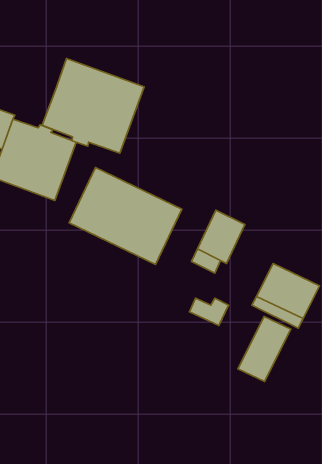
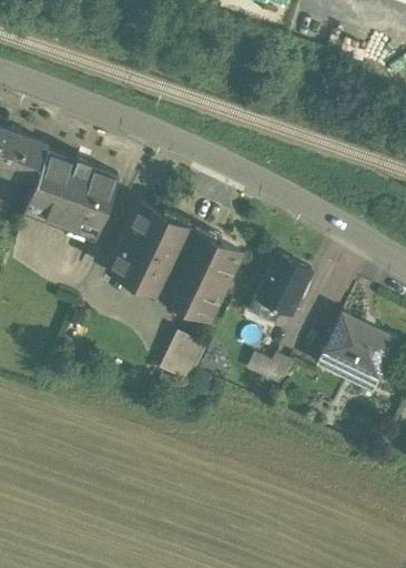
building: [42,58,144,153] -> none
building: none -> [163,331,210,382]
building: [238,317,291,381] -> none

